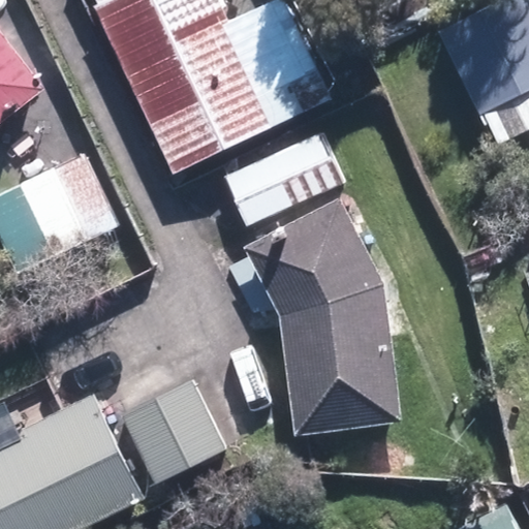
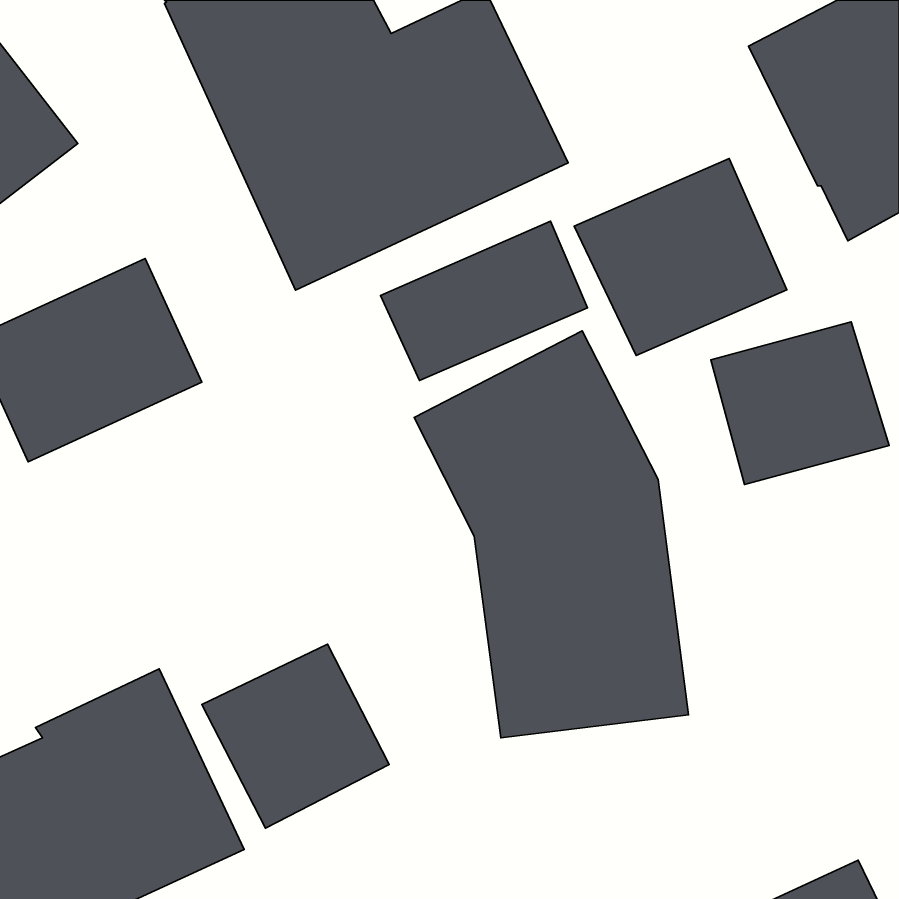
building: none -> [574,158,787,356]
building: none -> [711,322,889,485]

